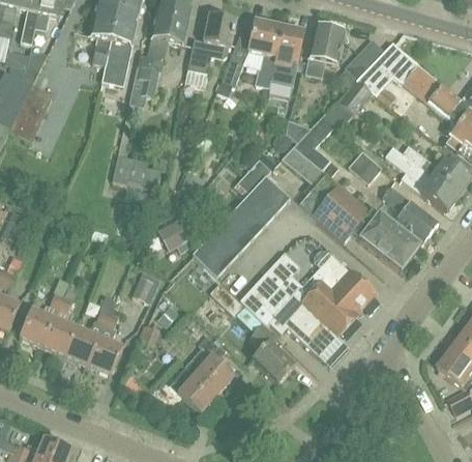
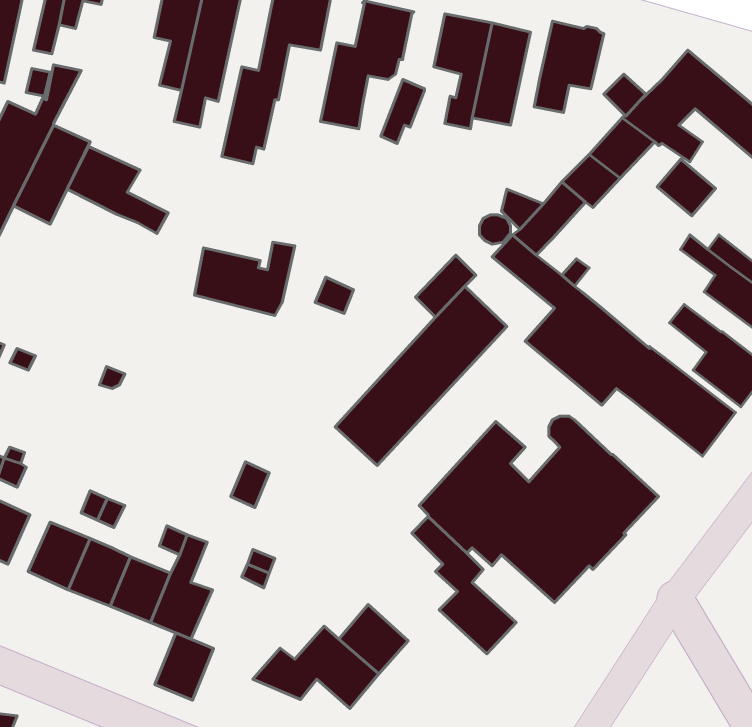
building: none -> [67,146,168,233]
building: [349,151,382,183] -> [657,159,716,216]
building: [165,211,196,242] -> none
building: none -> [155,633,213,700]

